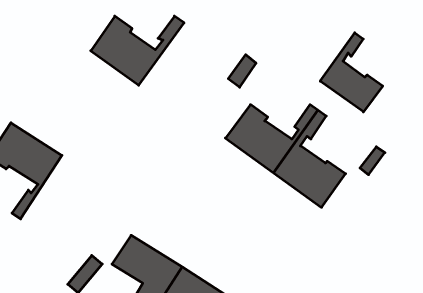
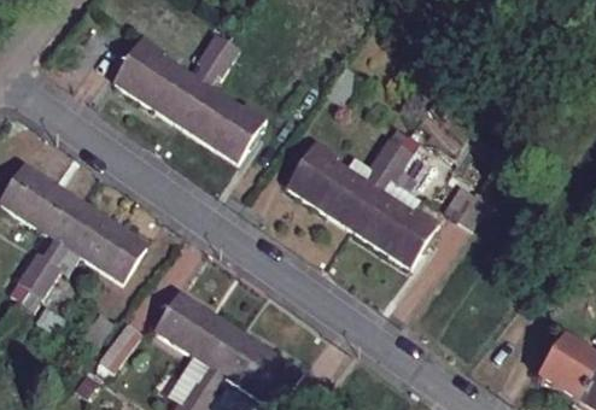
building: none -> [180,37,271,159]
building: [320,33,383,112] -> none
building: none -> [31,204,145,292]

